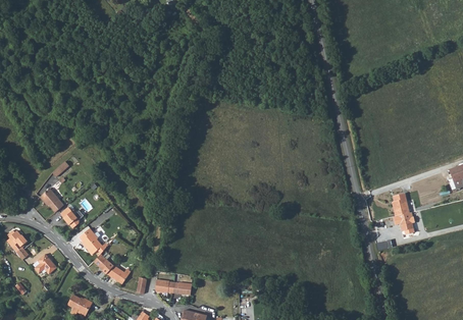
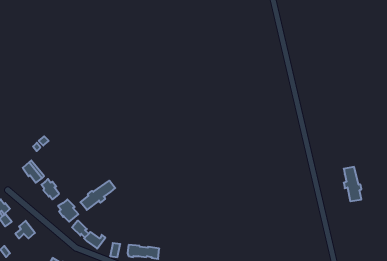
building: none -> [80,181,115,210]

